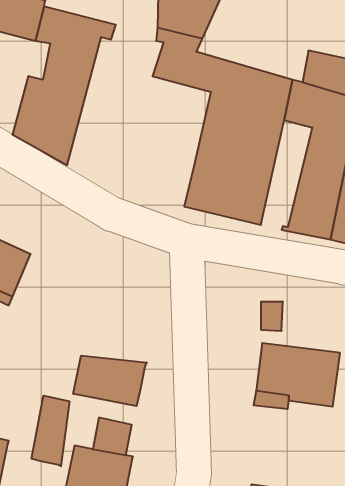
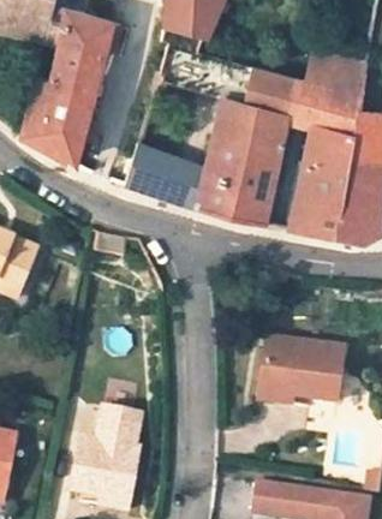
building: none -> [125,141,199,204]
building: [73,356,147,406] -> none
building: [31,396,69,466] -> none

